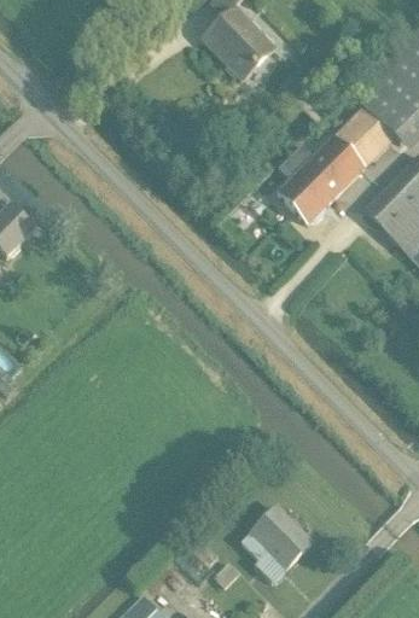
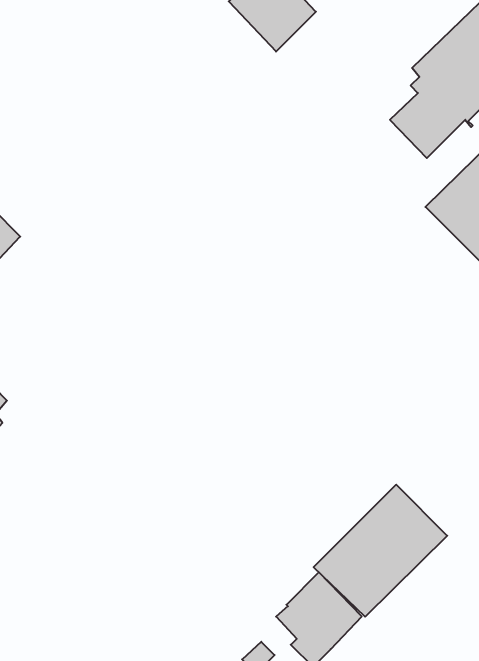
building: [278,134,366,221] -> none
building: none -> [314,485,447,617]

